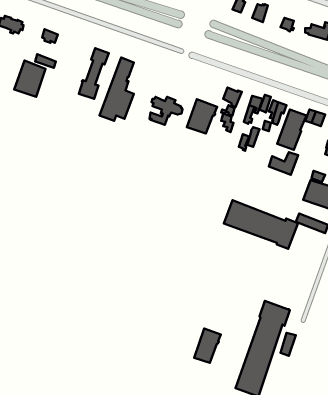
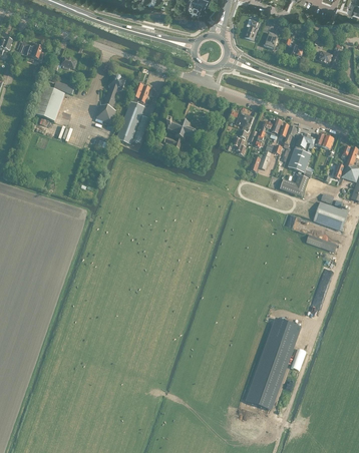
building: [187,99,217,133] -> none
building: [224,200,298,249] -> none
building: [194,329,221,363] -> none

